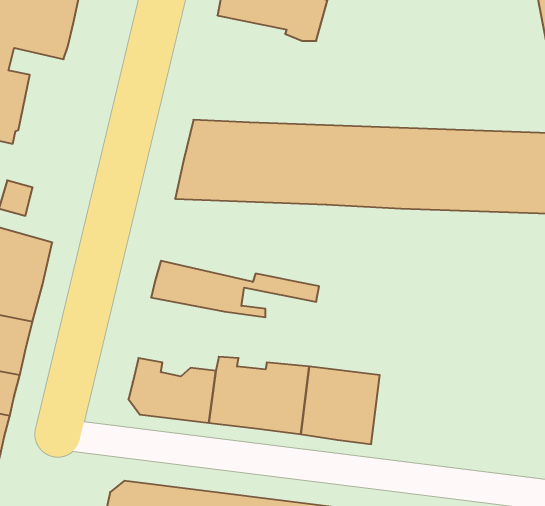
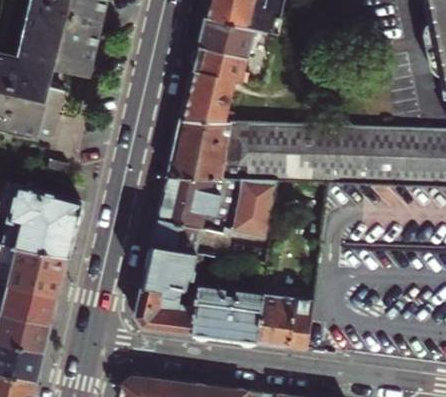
building: none -> [181,45,268,121]
building: none -> [158,175,275,236]
building: none -> [142,245,203,301]

